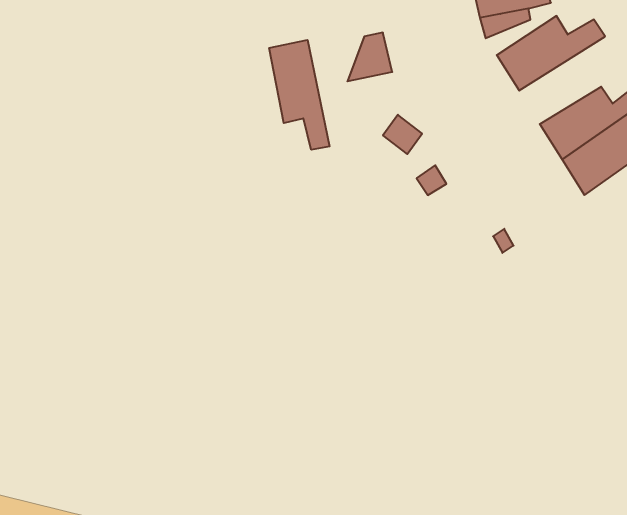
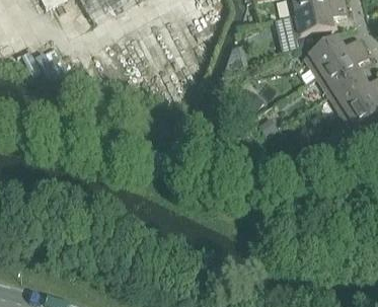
building: none -> [317,43,369,90]
building: [269,40,330,150] -> none

